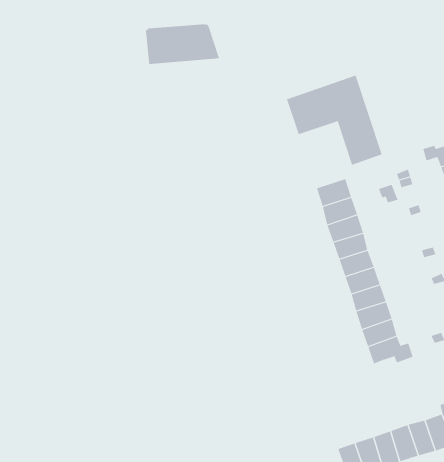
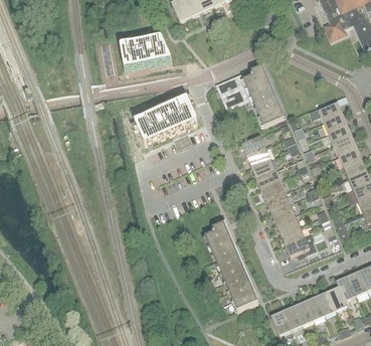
building: none -> [133,99,195,145]
building: none -> [204,222,256,310]

